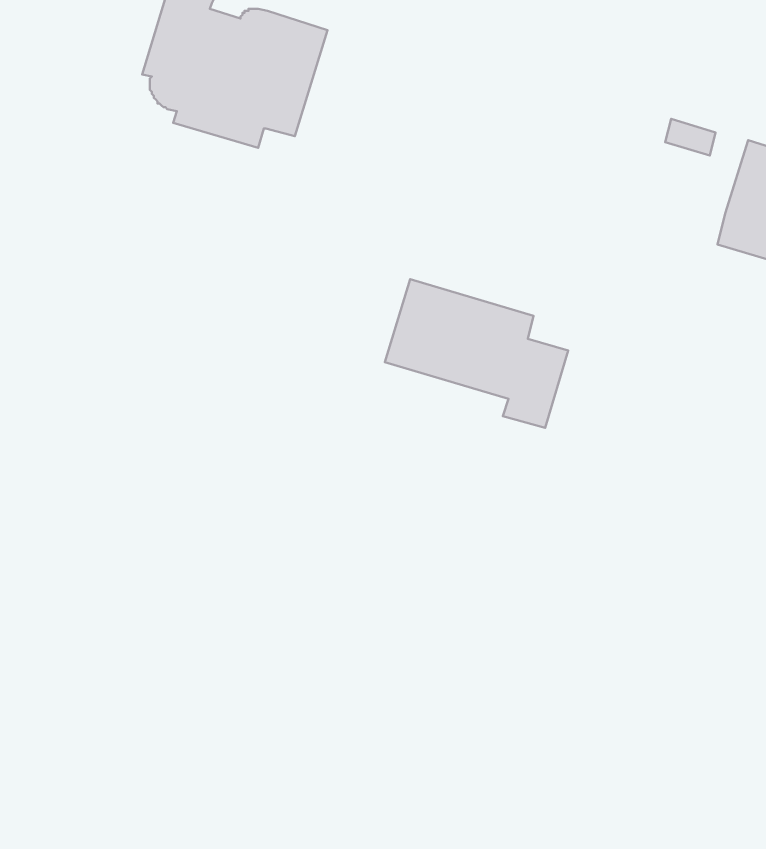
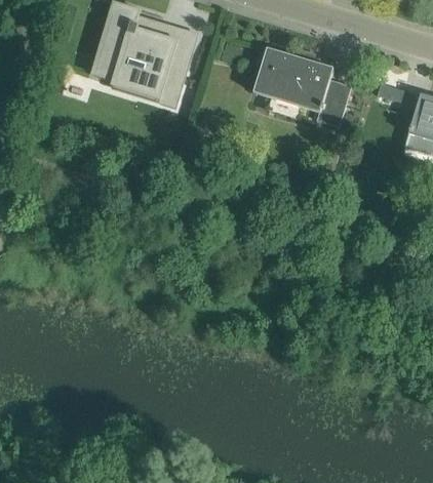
building: [385,279,568,428] -> [253,47,351,126]

